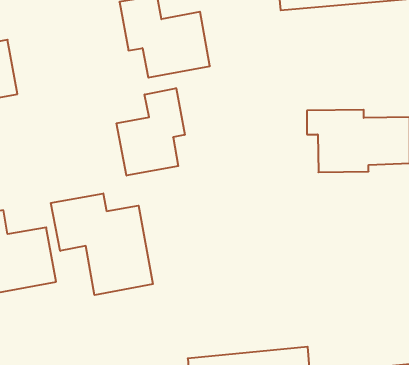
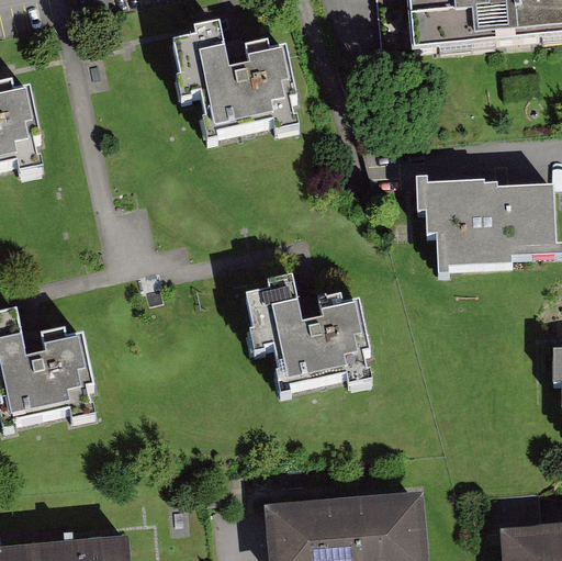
building: [117,88,185,176] -> none
building: none -> [245,279,366,390]
building: [51,193,153,295] -> none

